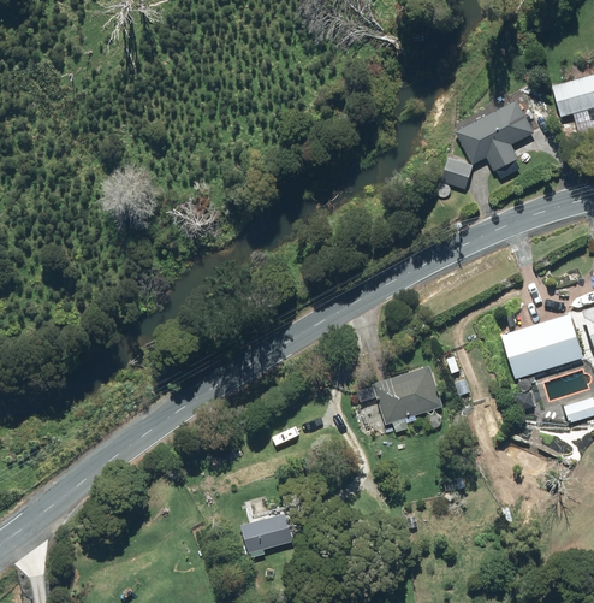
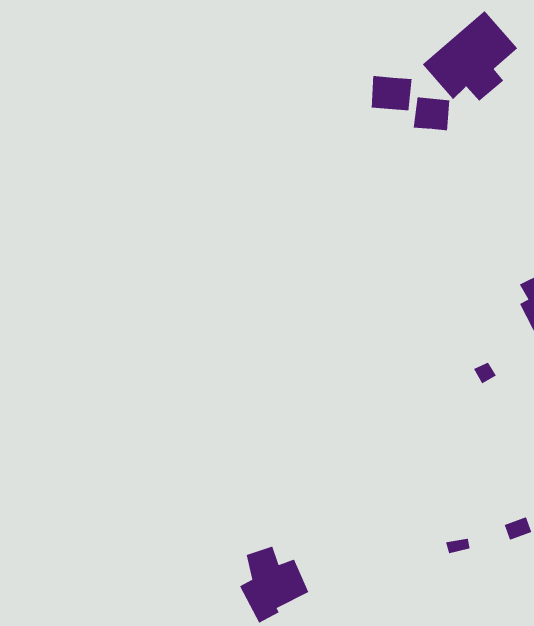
building: none -> [371,75,412,111]
building: [356,365,444,432] -> none

